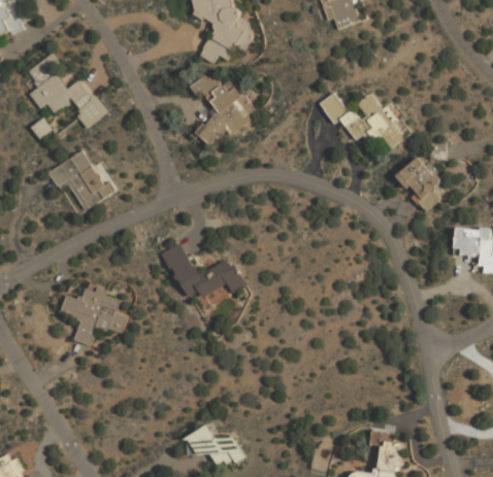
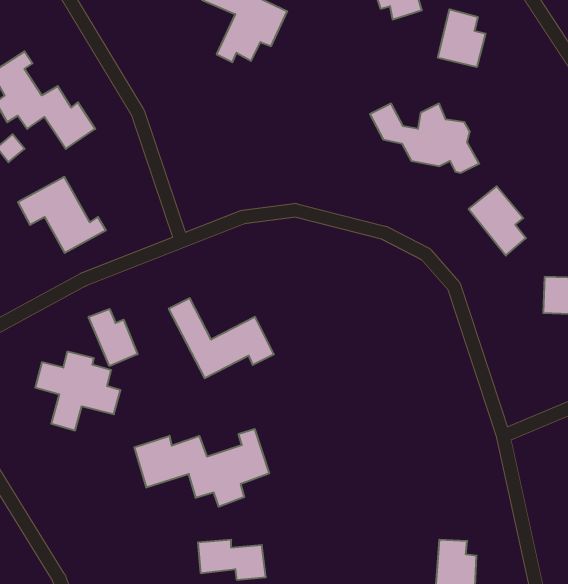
building: none -> [438,9,486,67]
building: [192,74,256,145] -> none
building: none -> [89,309,138,366]
building: none -> [134,429,269,507]

